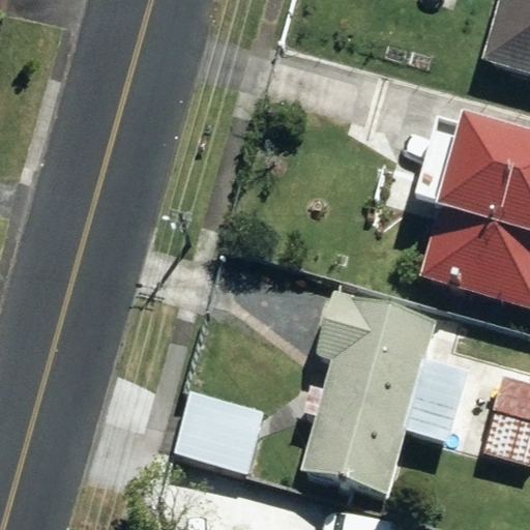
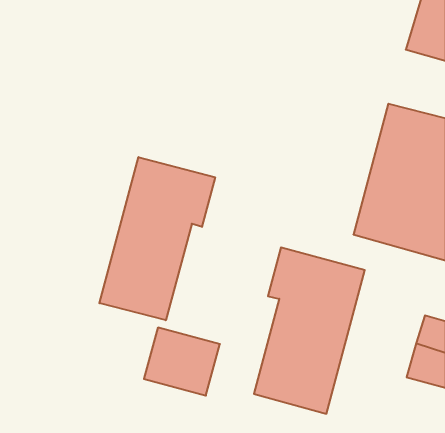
building: none -> [99,157,215,320]

